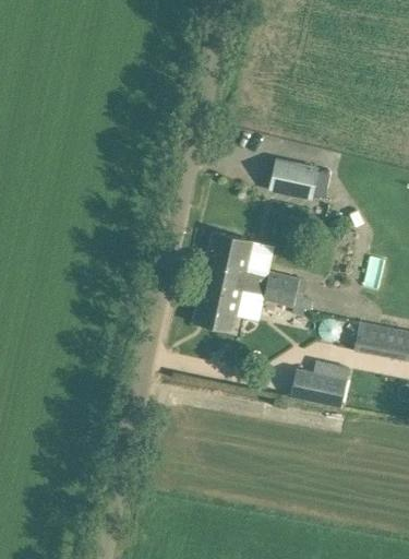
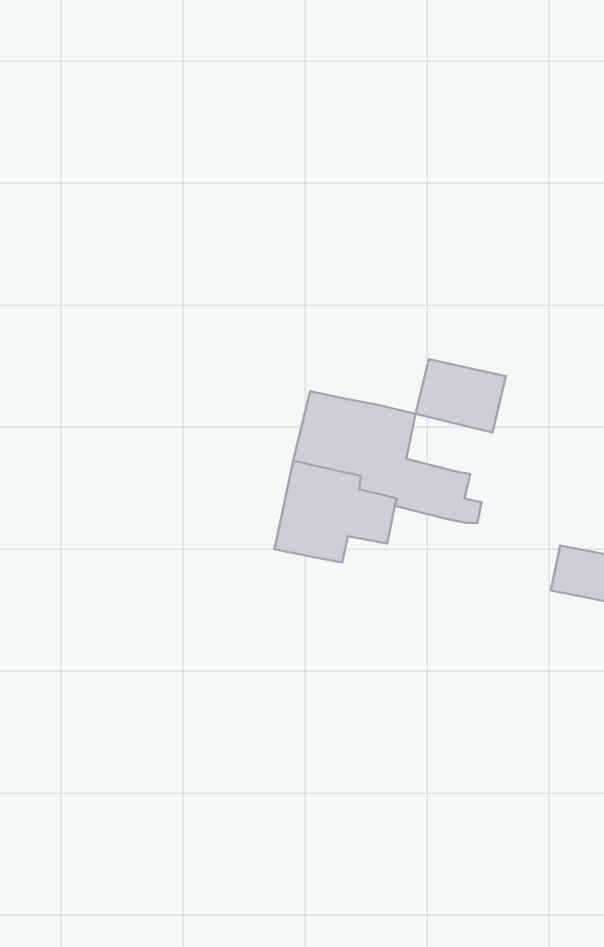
building: [268,158,321,201] -> [416,359,506,433]
building: [291,360,350,406] -> none

